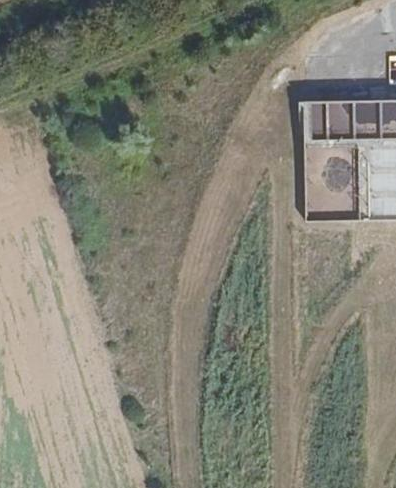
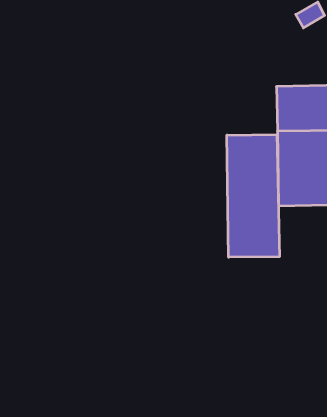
building: none -> [227,135,279,257]

